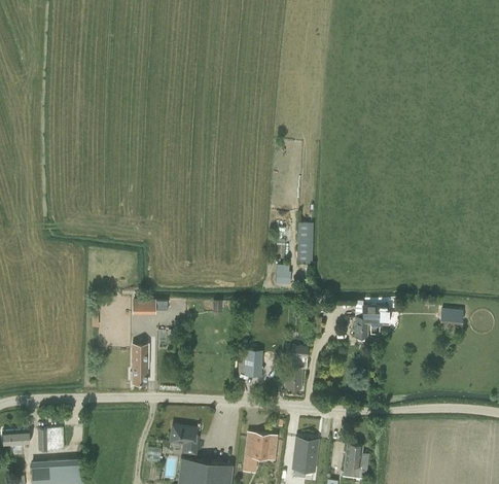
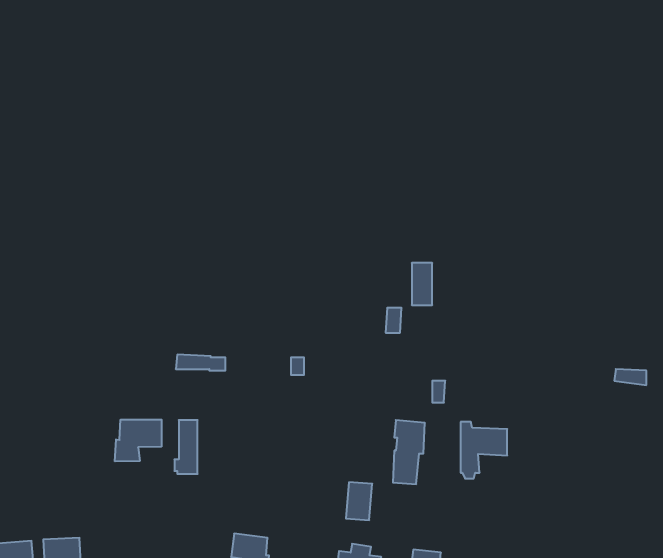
building: [354,302,387,342] -> [461,422,507,479]
building: none -> [115,420,162,461]
building: [244,349,262,376] -> [346,482,372,520]

